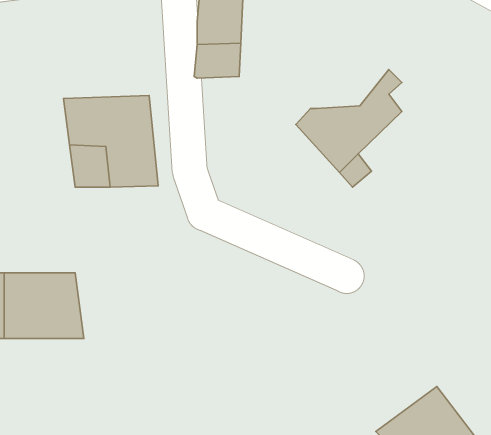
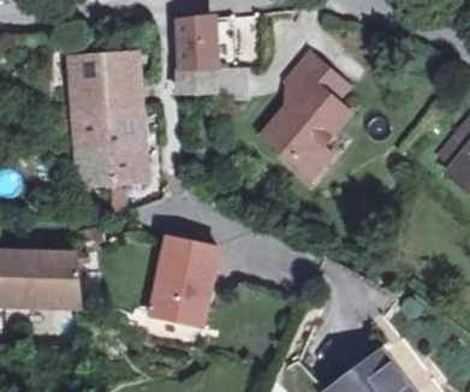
building: none -> [64,53,138,107]
building: none -> [276,57,337,115]
building: none -> [156,234,219,314]

